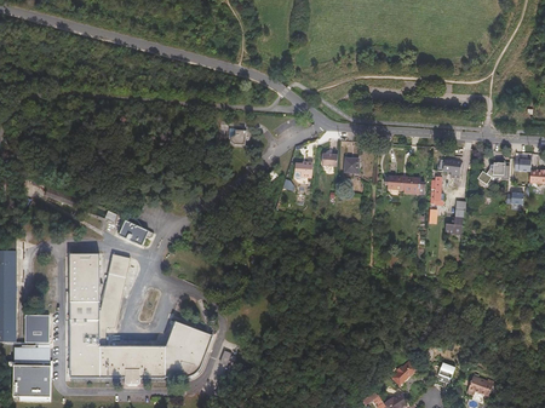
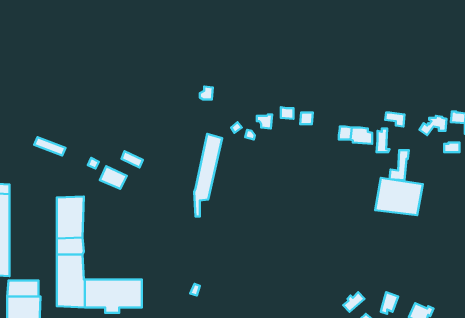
building: none -> [375,178,423,215]
building: [99,253,131,346] -> [194,134,222,217]
building: [25,315,50,347] -> none
building: [166,321,213,377] -> none

